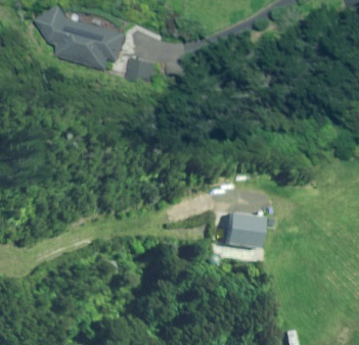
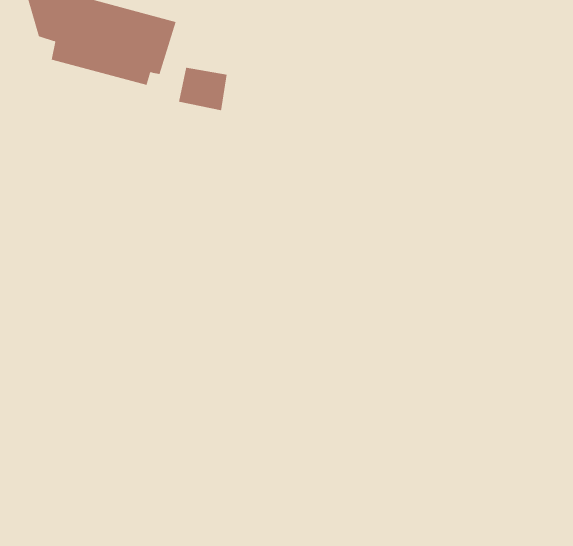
building: [220,211,259,247] -> none

